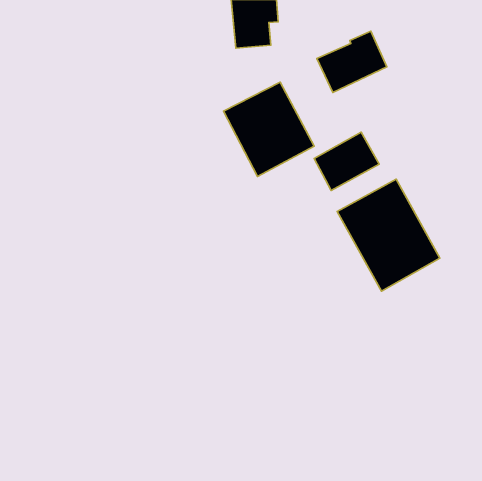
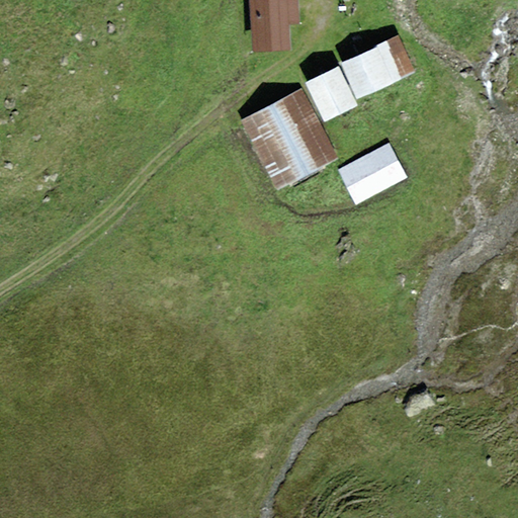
building: none -> [304,65,357,121]
building: [337,179,440,291] -> none

